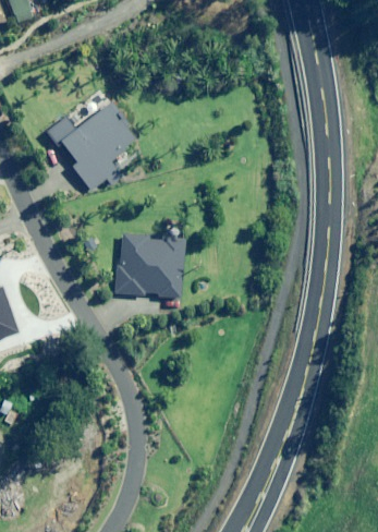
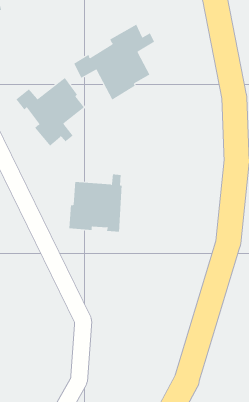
building: none -> [73,24,155,100]

